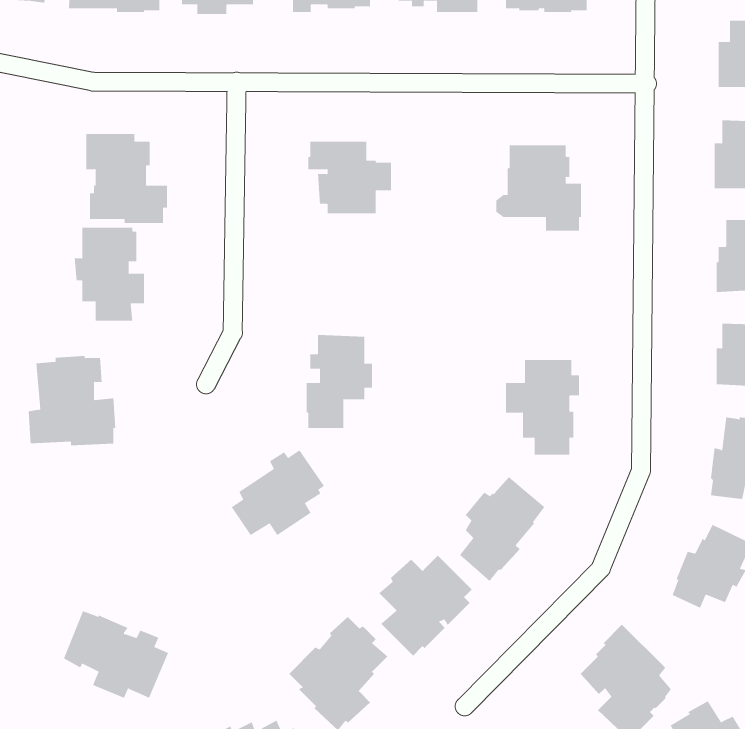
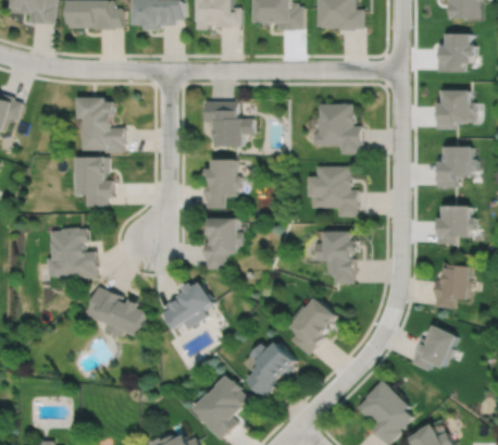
building: none -> [203,154,239,207]
building: none -> [307,168,357,214]
building: [63,611,169,699] -> [86,285,146,335]

